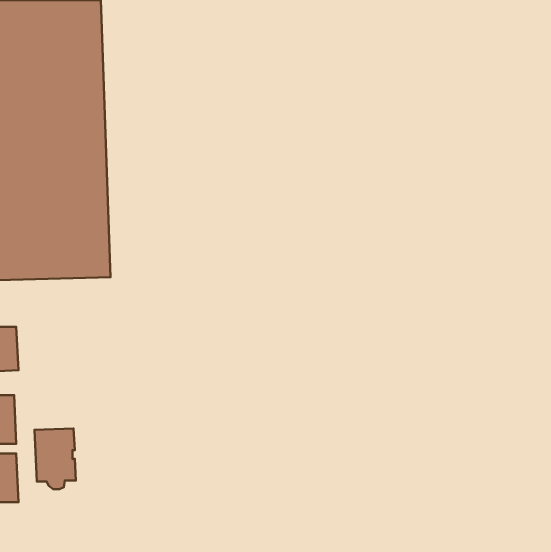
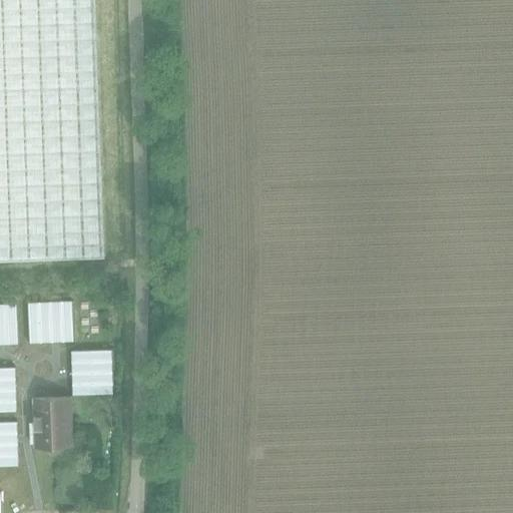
building: none -> [26,301,72,344]
building: none -> [69,350,111,396]

